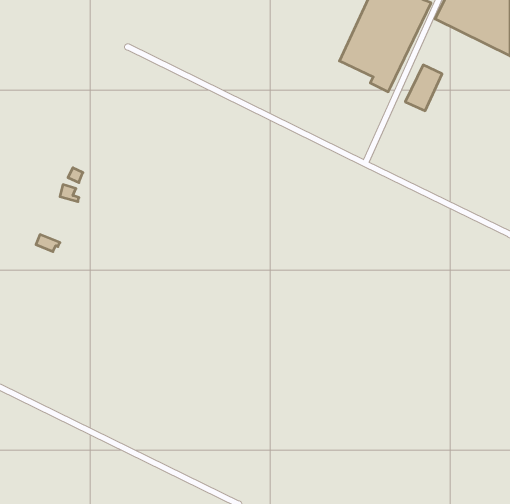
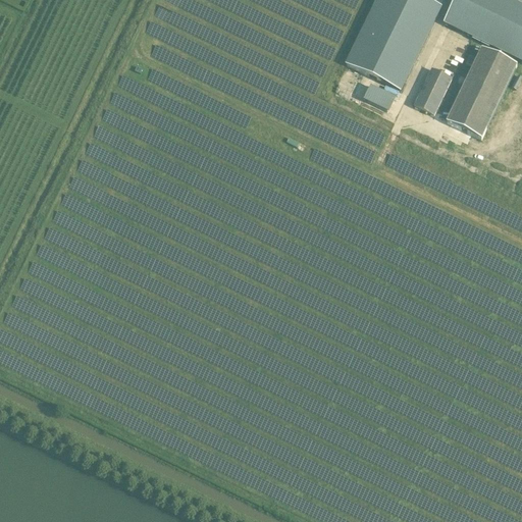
building: none -> [447,41,517,139]

